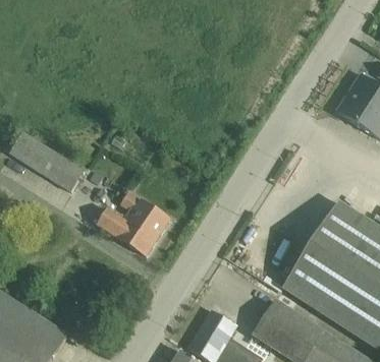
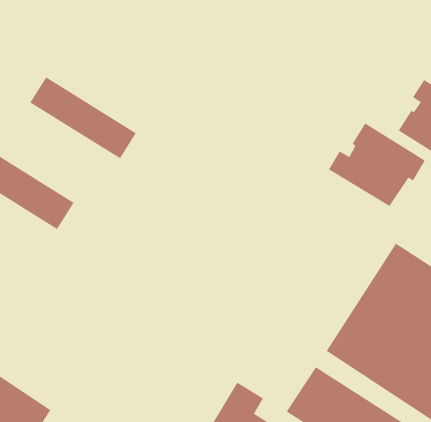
building: none -> [30,77,137,159]
building: none -> [328,123,425,207]
building: [98,191,169,254] -> none

